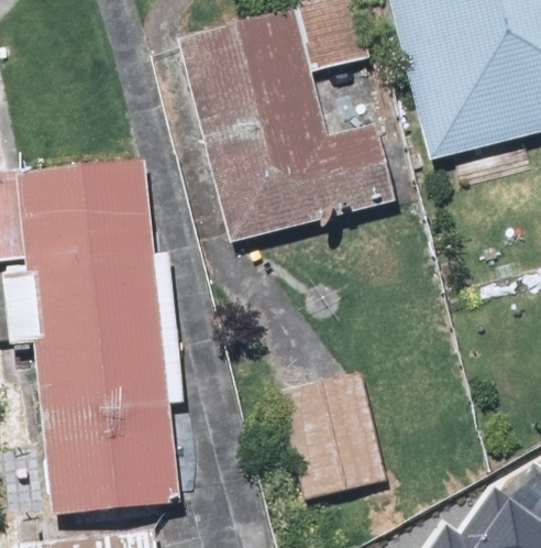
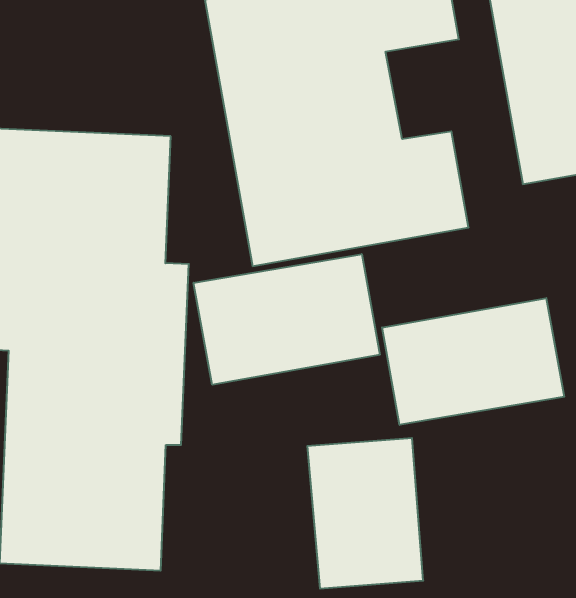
building: none -> [194,254,380,385]
building: none -> [382,298,564,425]

